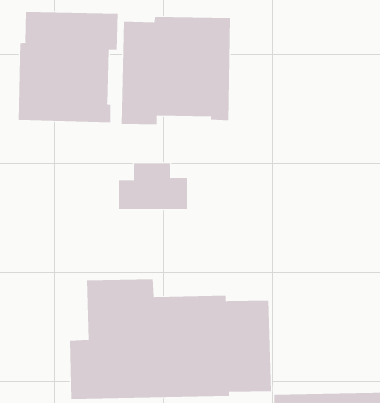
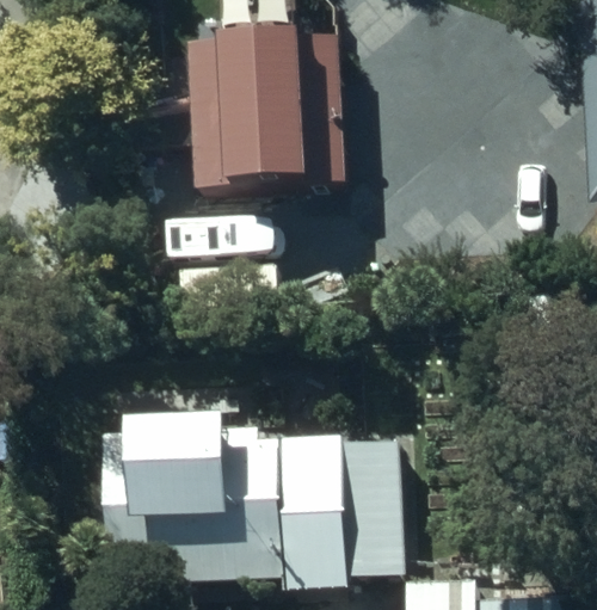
building: [18,11,118,123] -> none

